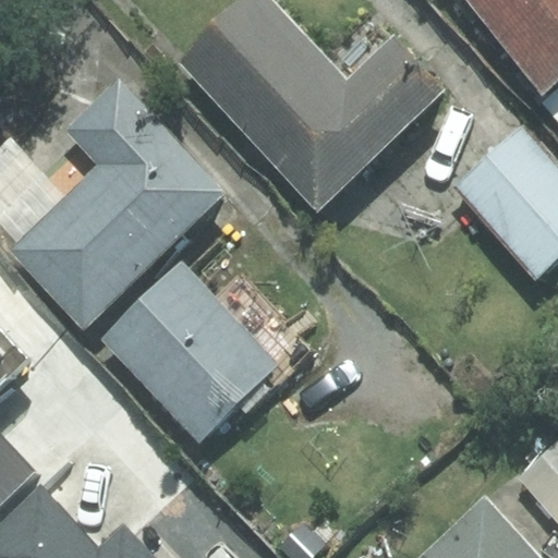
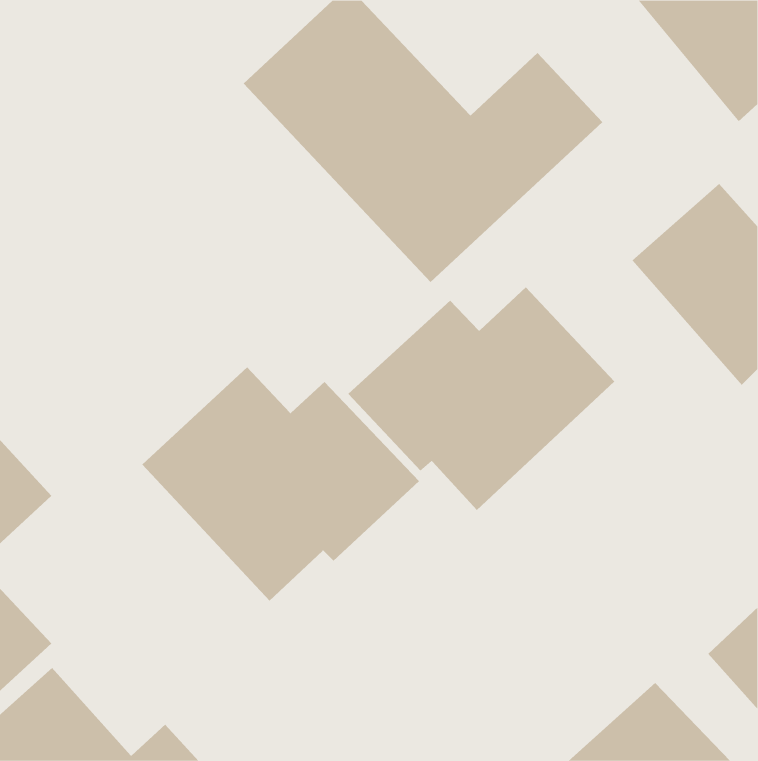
building: [14,84,220,320] -> none
building: none -> [347,286,615,511]

